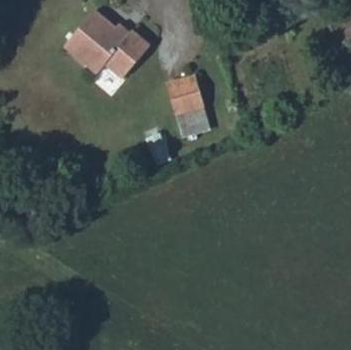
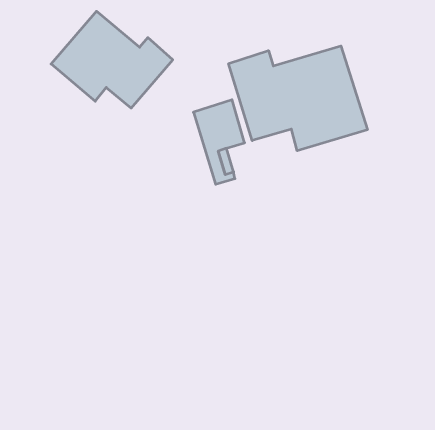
building: none -> [229,46,367,151]

